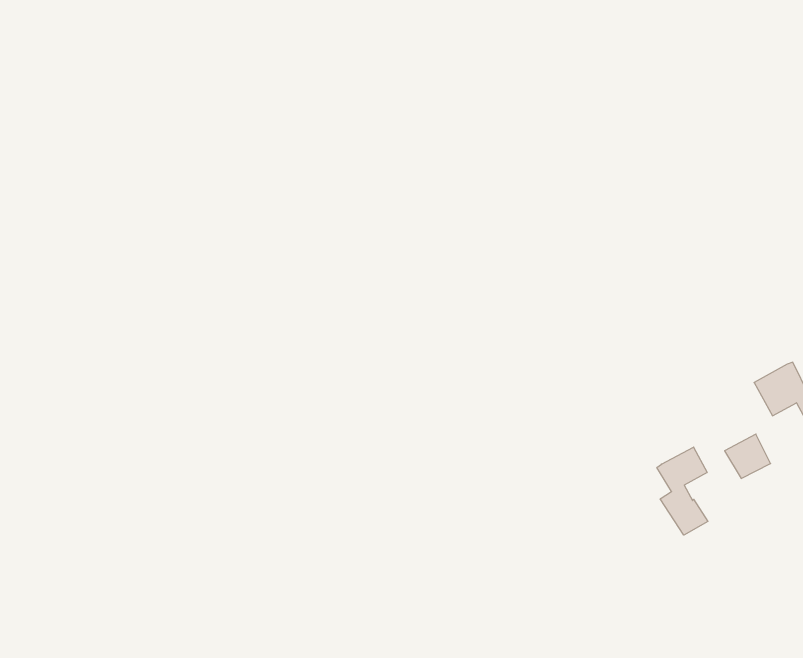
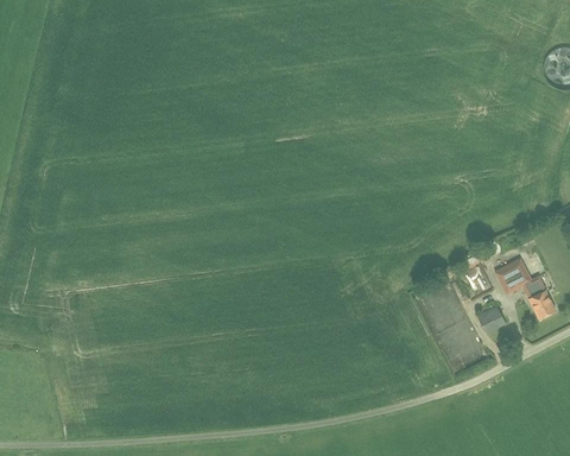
building: [657,447,708,535] -> none

